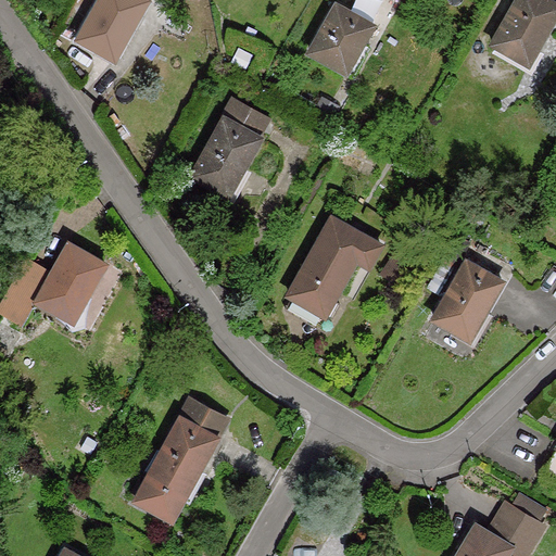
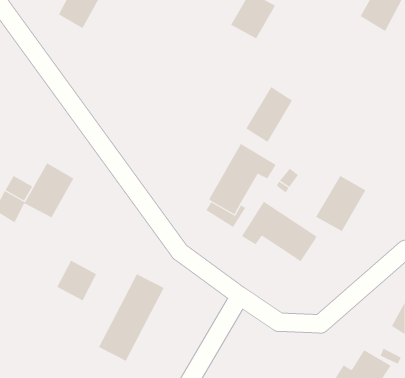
building: [199,94,273,187] -> none
building: none -> [245,86,293,143]
building: none -> [241,201,317,262]
building: none -> [57,260,97,301]

